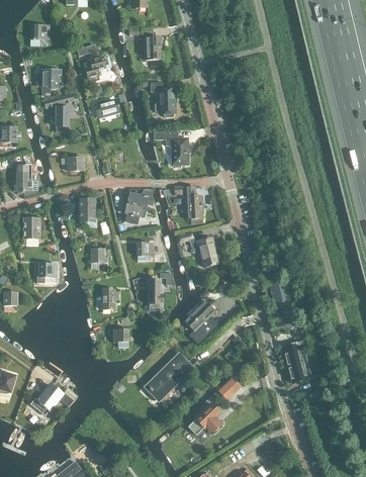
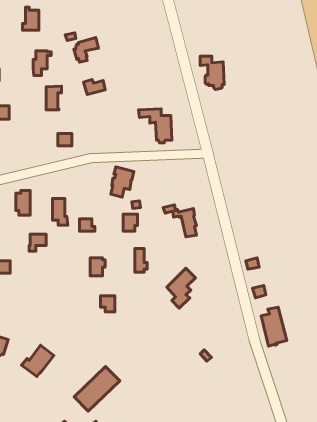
building: [127,27,160,60] -> none
building: [150,82,175,117] -> [200,56,224,89]
building: [16,167,36,196] -> none
building: [181,186,201,222] -> none
building: [80,198,96,226] -> [52,198,68,225]
building: [143,354,191,401] -> [74,367,120,411]
building: [187,402,221,435] -> none

